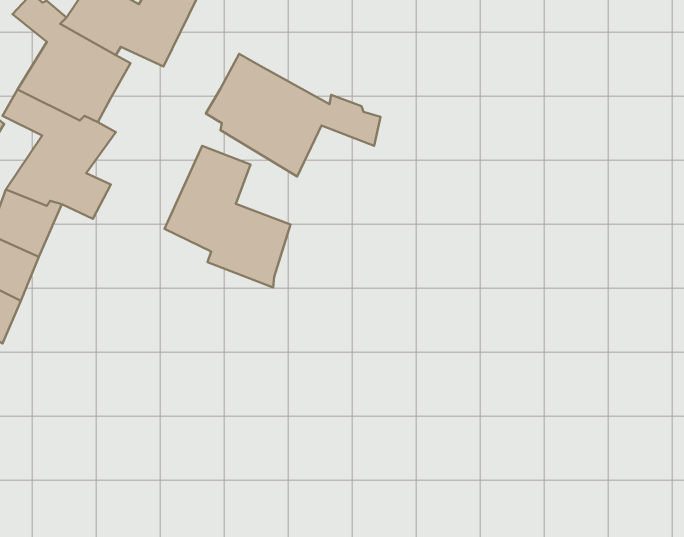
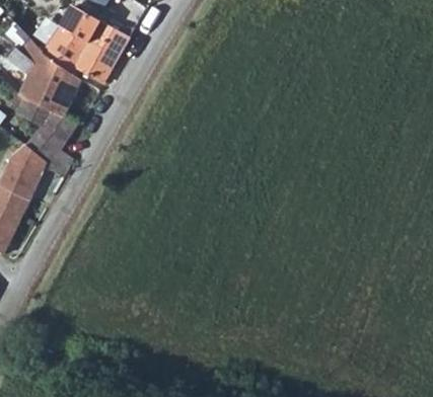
building: [206,54,380,176] -> none
building: [165,146,290,288] -> none

